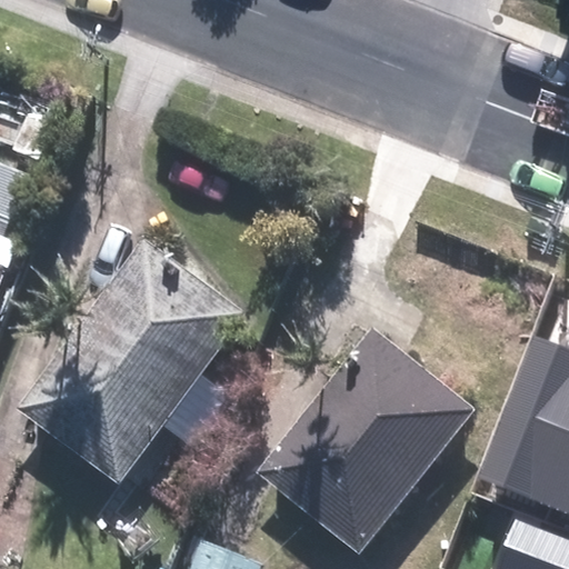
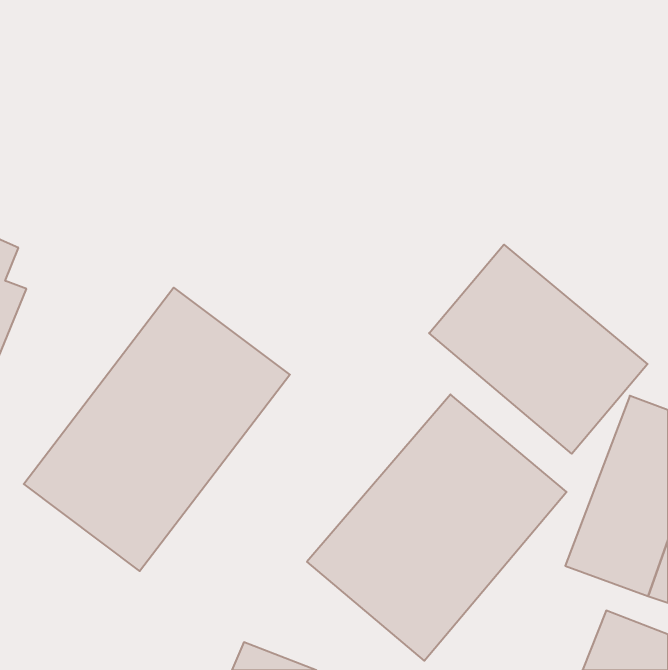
building: none -> [429,245,648,454]

